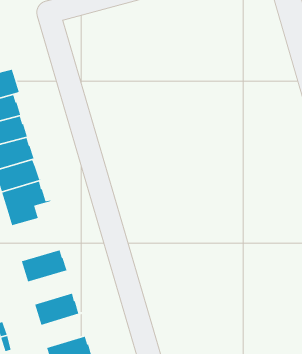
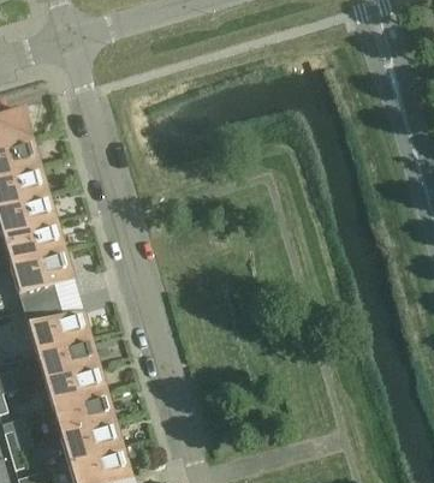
building: none -> [20,300,89,354]
building: none -> [41,365,106,410]
building: none -> [58,421,121,465]

